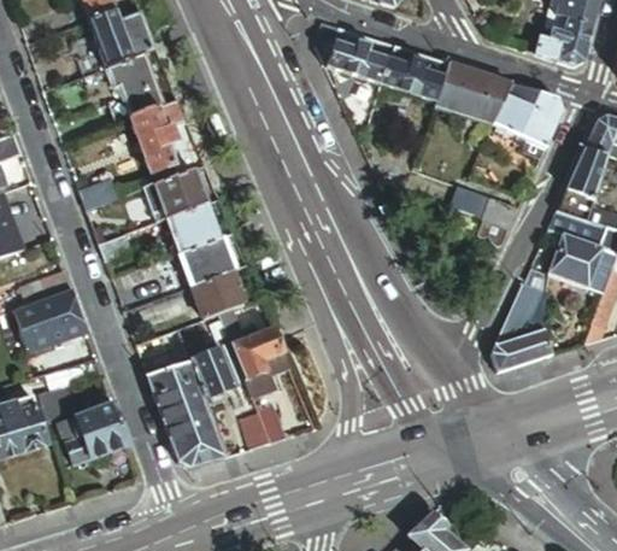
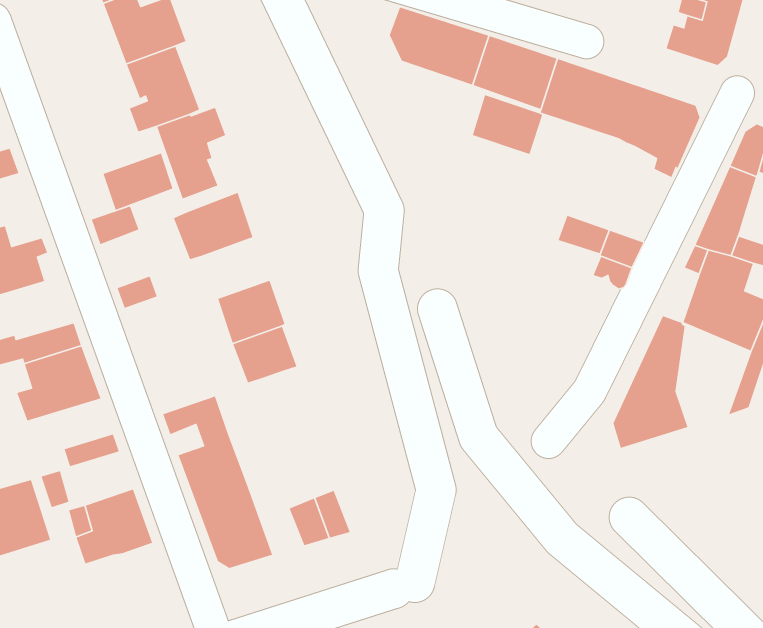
building: none -> [472,94,543,154]
building: none -> [102,153,174,211]
building: [169,204,221,254] -> none
building: [218,310,287,395] -> none
building: [189,348,236,399] -> none

